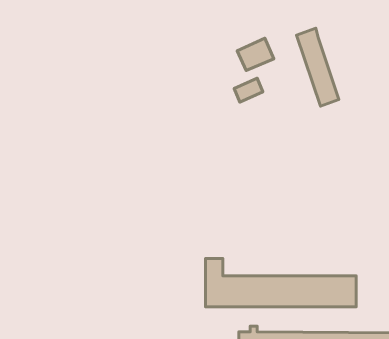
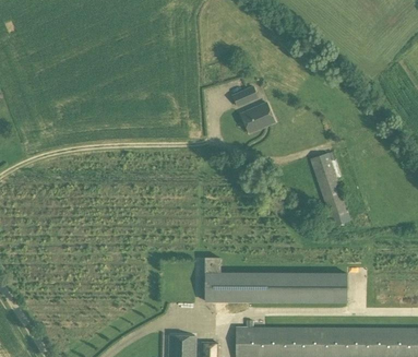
building: [296,28,339,106] -> [310,153,350,227]
building: [237,38,274,70] -> [240,103,275,133]

